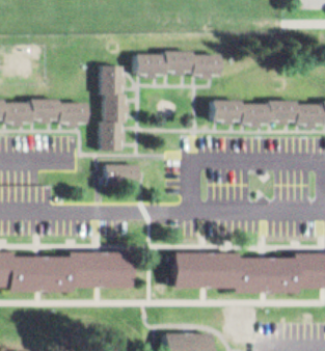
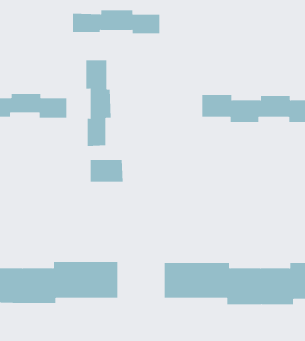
building: [134,49,218,72] -> [72,10,160,34]

